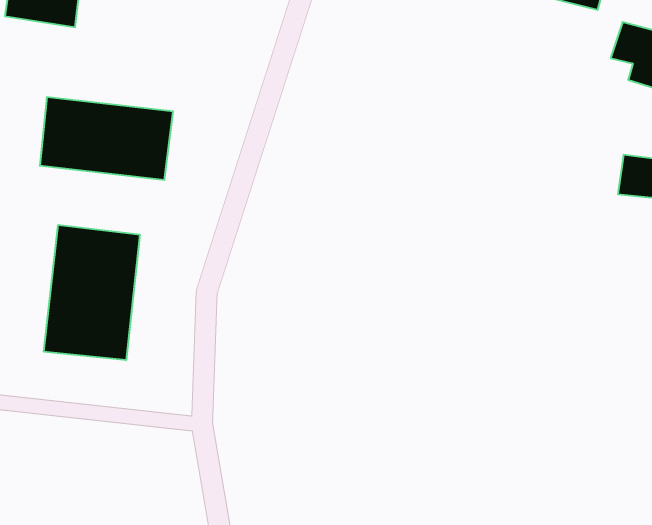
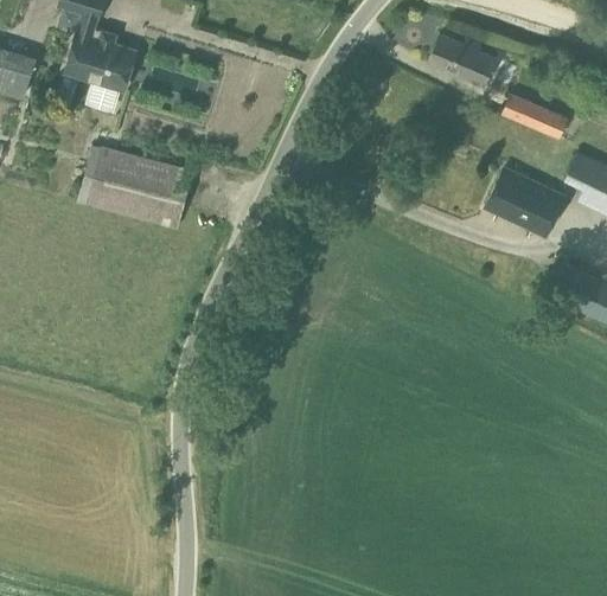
building: none -> [486,169,563,236]
building: [44,225,140,360] -> none

